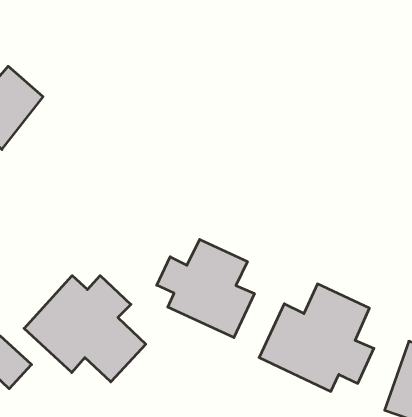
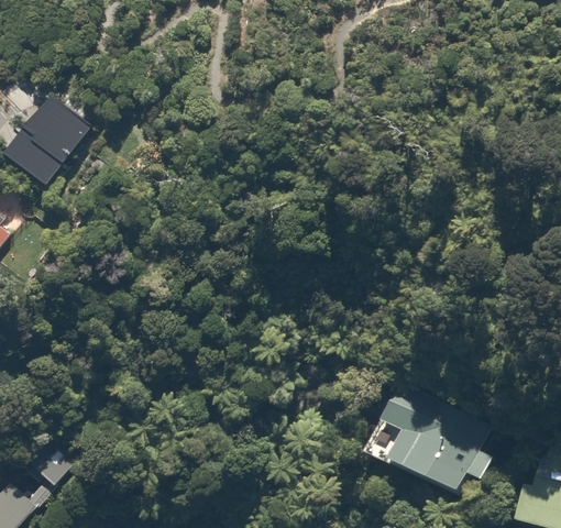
building: [157,239,254,338] -> none
building: [24,276,146,382] -> none

